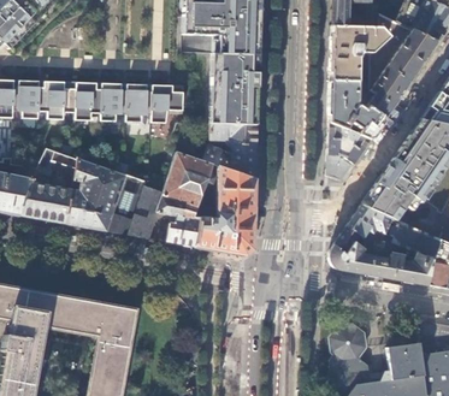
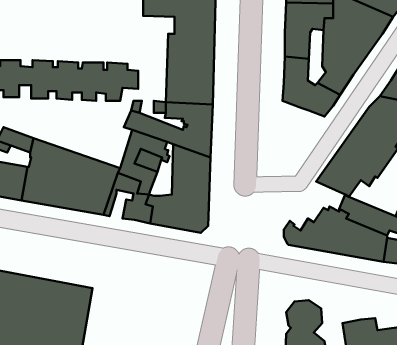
building: [325,124,370,178] -> none
building: [335,205,390,254] -> none

